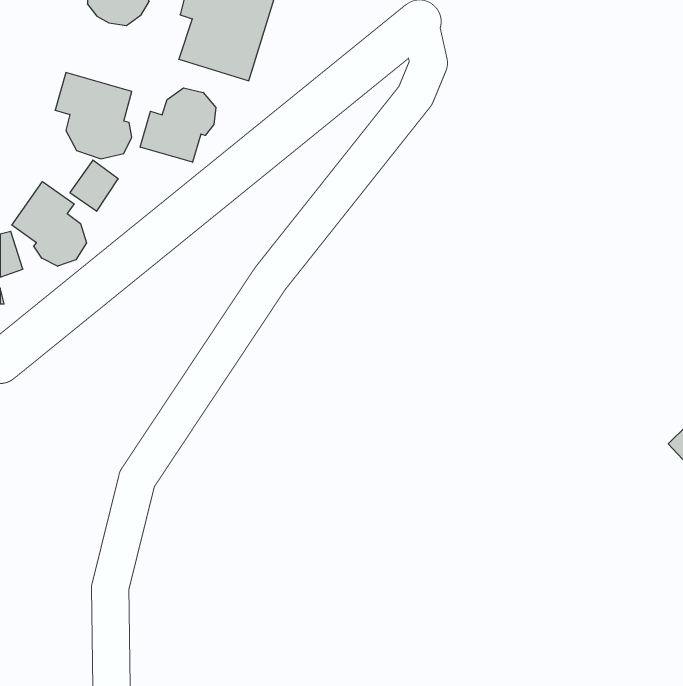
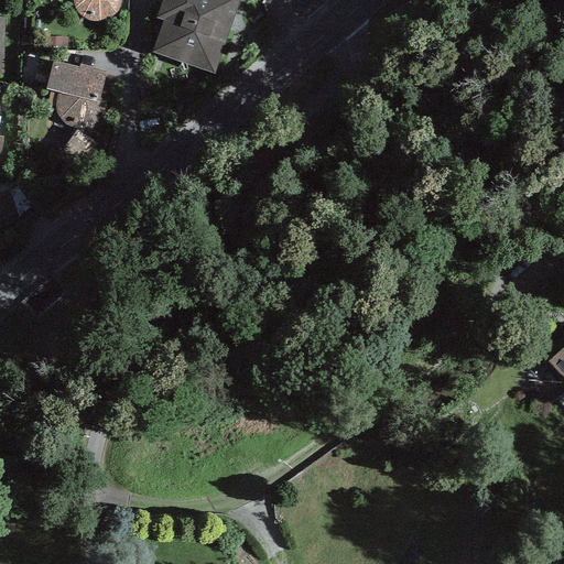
building: [140,88,216,162] -> none
building: [12,182,87,266] -> none

